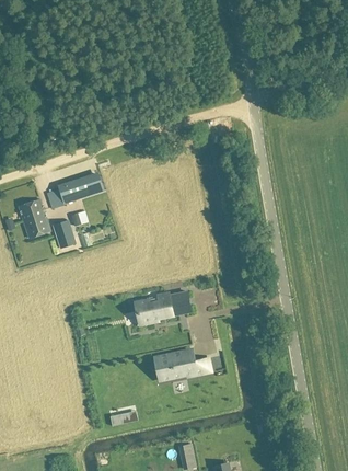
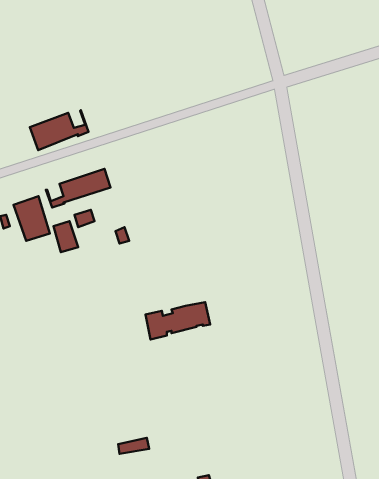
building: none -> [30,110,88,150]
building: [154,349,208,379] -> none

